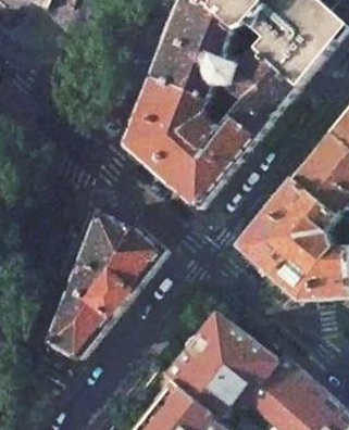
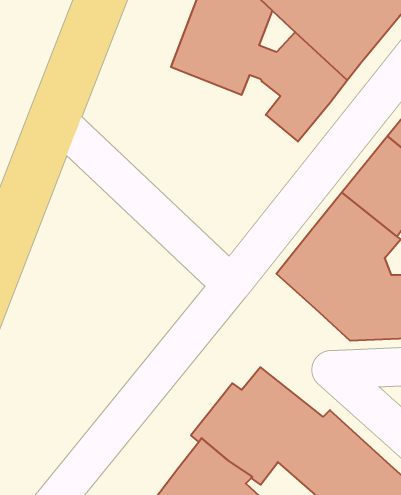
building: [126,76,255,206] -> none
building: [49,212,164,357] -> none

